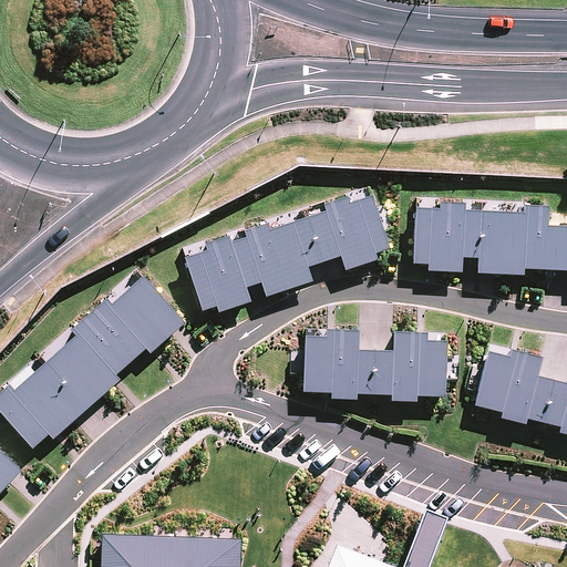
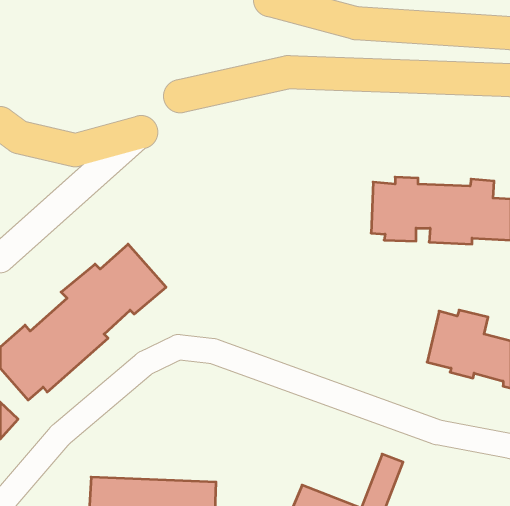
building: [185,195,390,313] -> none
building: [302,328,455,402] -> none

